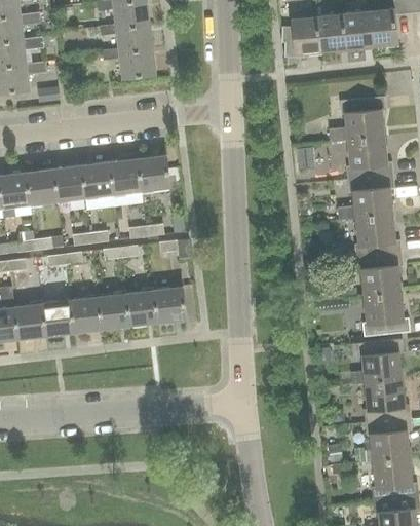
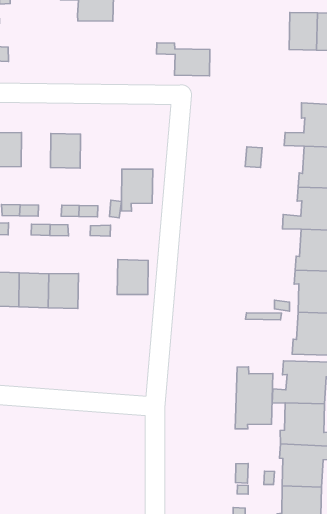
building: [281,17,320,58] -> none
building: [102,48,155,78] -> [157,43,210,76]
building: [137,155,169,198] -> [121,169,153,211]
building: [81,162,113,197] -> none
building: [153,287,186,323] -> [117,260,148,295]
building: none -> [235,367,273,429]

